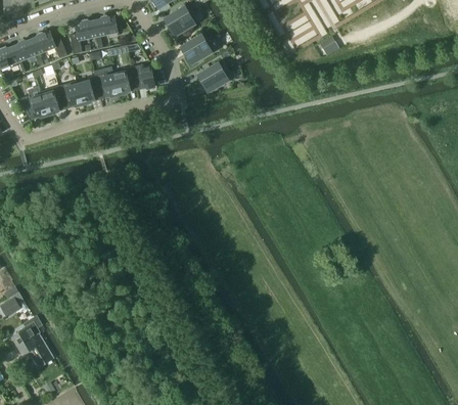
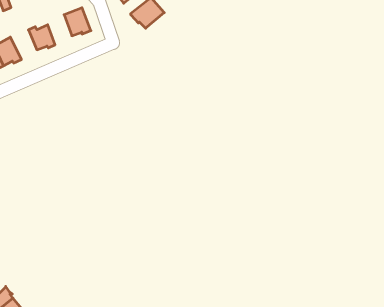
building: [113,66,135,94] -> none
building: [77,76,99,103] -> none

